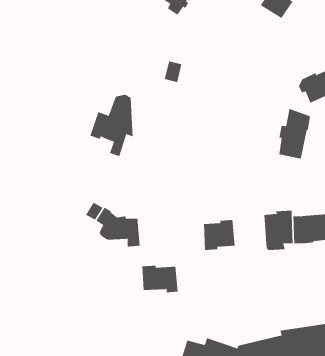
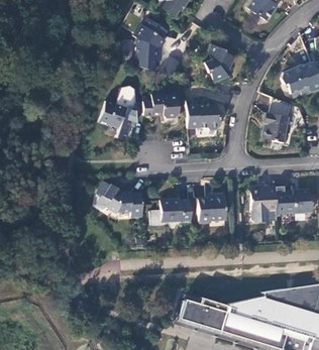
building: none -> [134,18,169,72]
building: none -> [204,44,235,82]
building: none -> [143,94,179,117]
building: none -> [186,100,220,129]
building: [142,265,179,293] -> [160,199,192,223]

